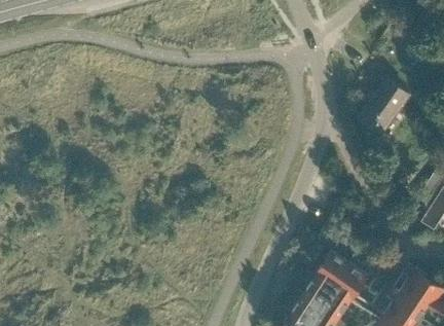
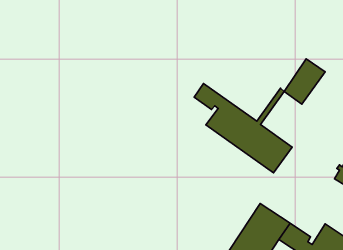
building: none -> [194,83,292,173]

